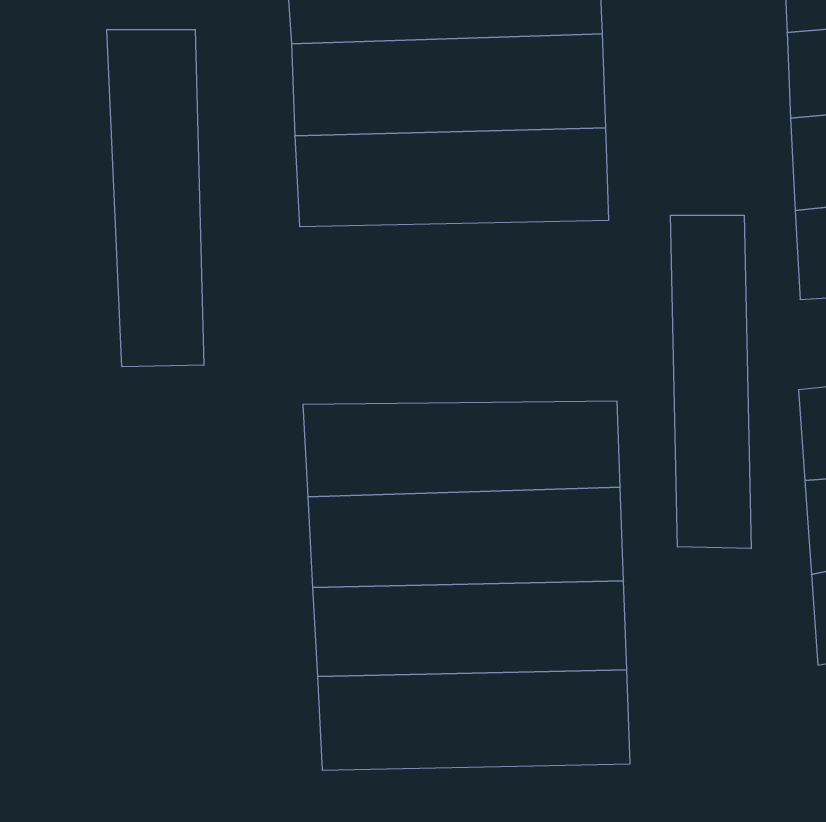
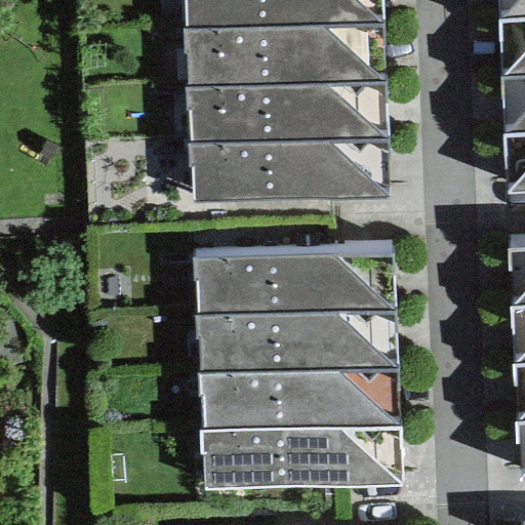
building: [107,29,204,367] -> none
building: [671,215,751,549] -> none
building: none -> [191,139,389,199]

